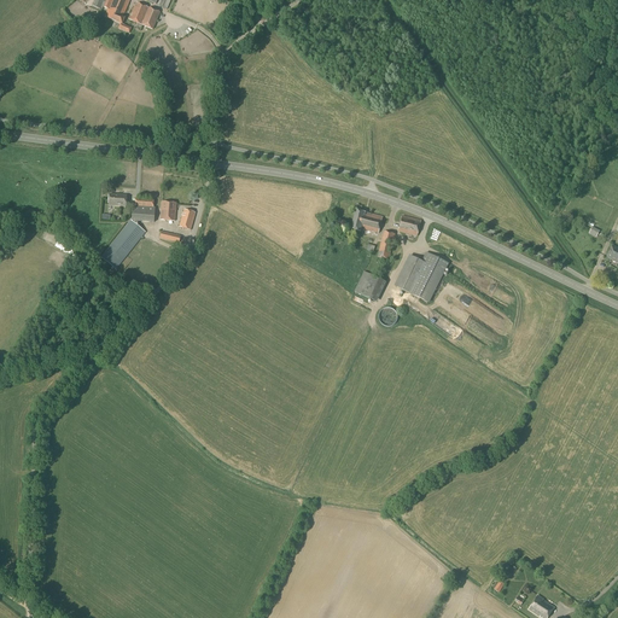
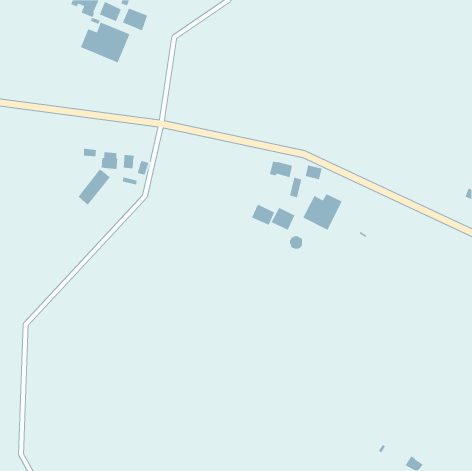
building: none -> [122,7,148,31]
building: none -> [80,21,131,64]
building: none -> [251,204,275,226]

